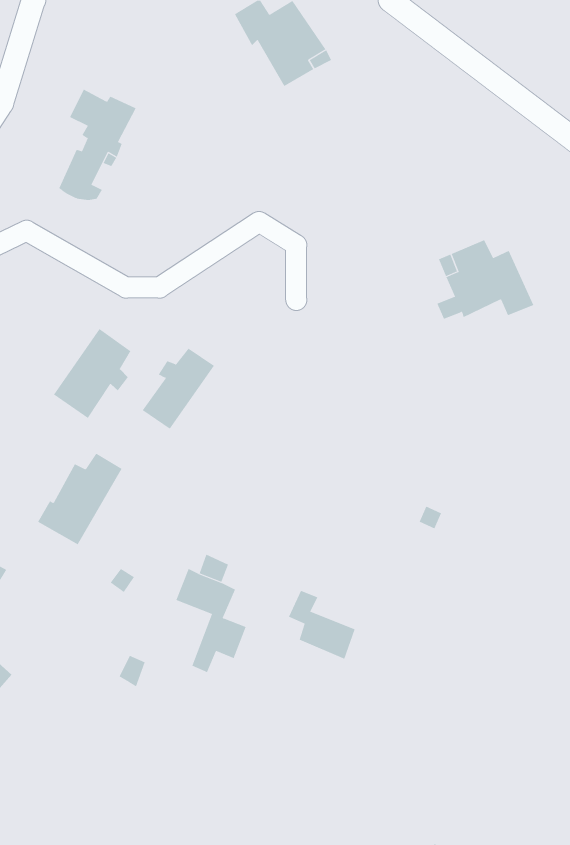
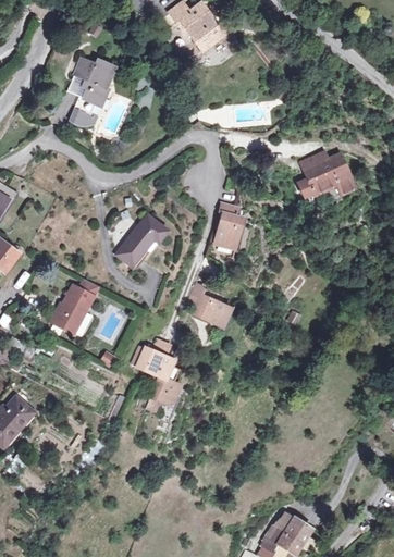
building: [53,328,131,419] -> none
building: none -> [218,205,244,248]
building: [288,590,355,659] -> [188,283,230,325]

